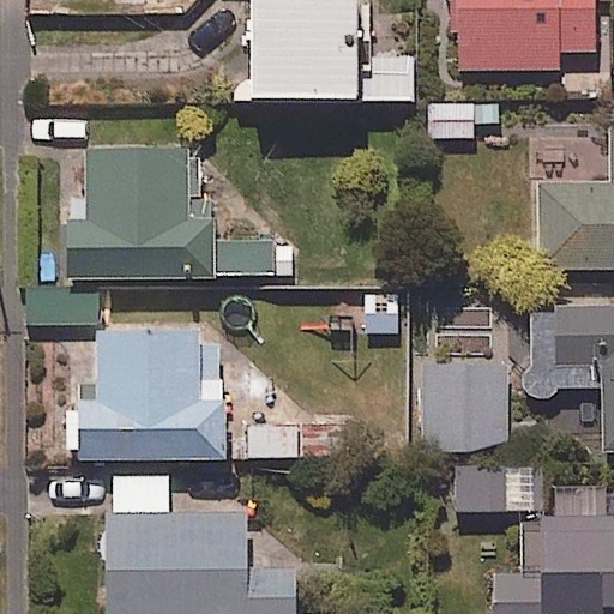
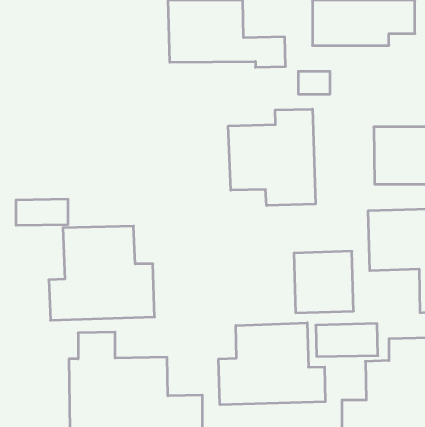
building: [60,138,295,284] -> none
building: none -> [228,109,315,206]
building: none -> [219,323,325,405]

